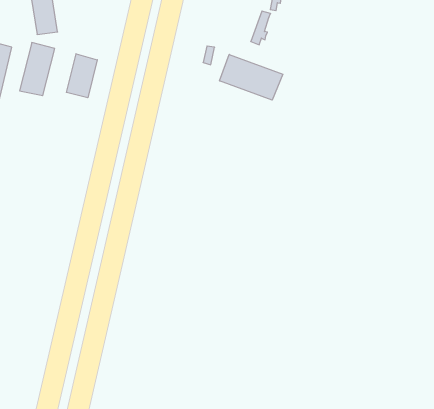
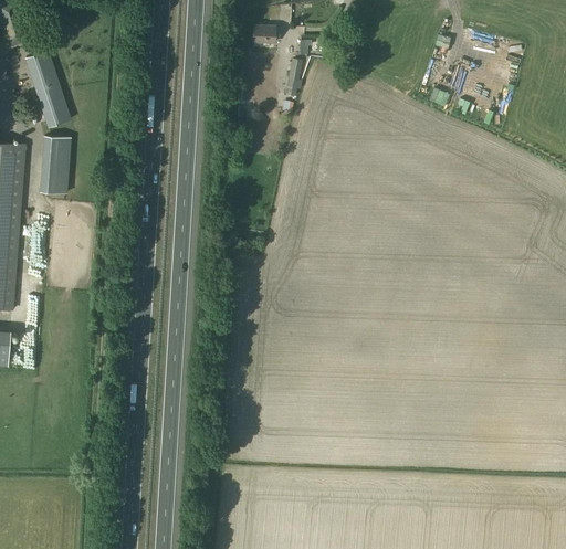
building: [66,54,97,98] -> none
building: [220,54,283,100] -> none

